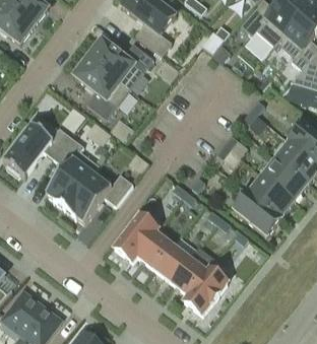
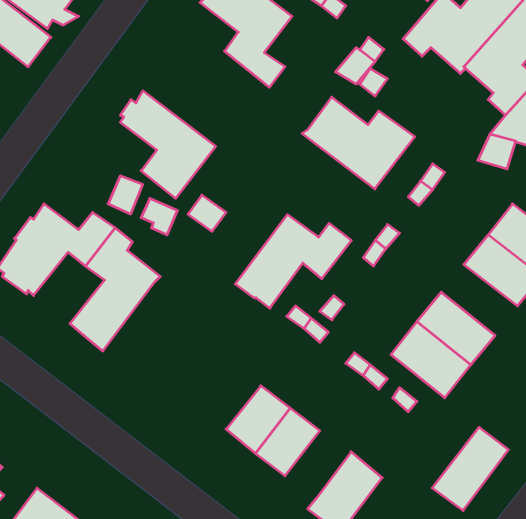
building: [87,36,153,89] -> [302,97,415,189]
building: [262,158,307,200] -> none
building: [64,168,132,223] -> [235,215,351,308]
building: [114,215,156,261] -> none
building: [171,247,215,295] -> [432,427,508,511]

